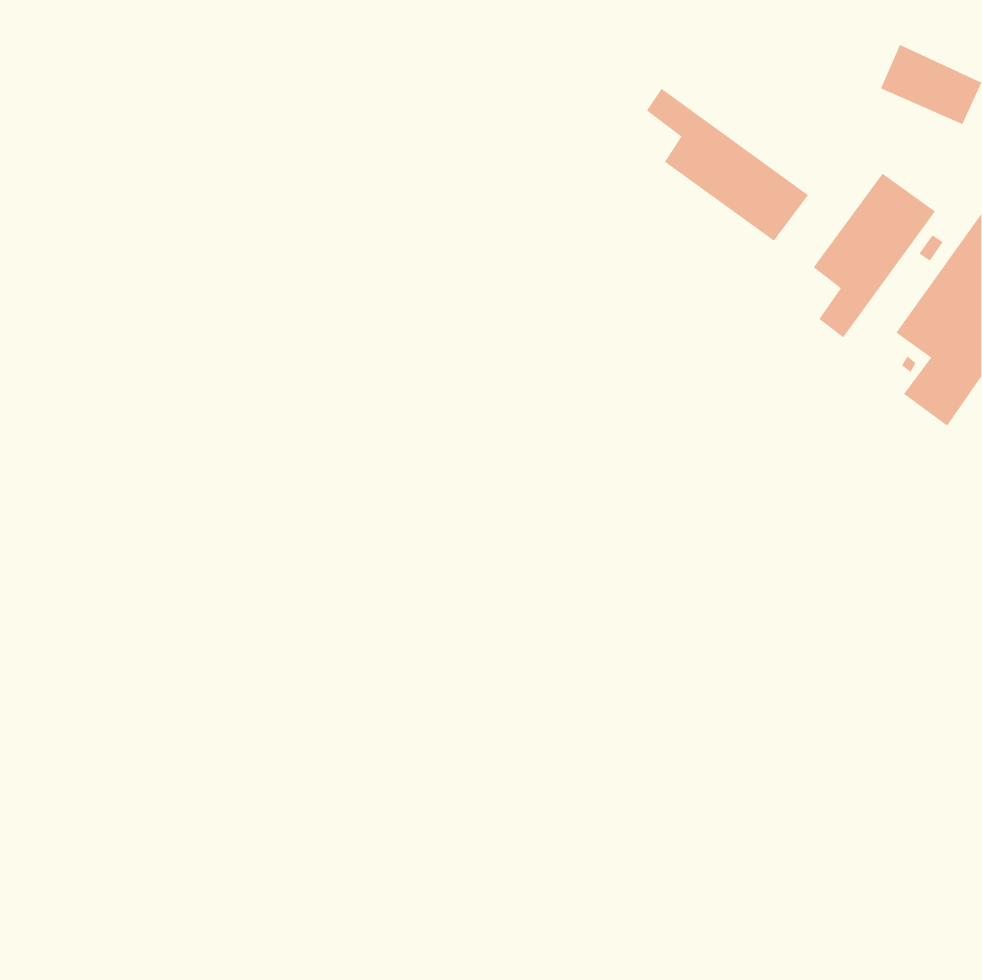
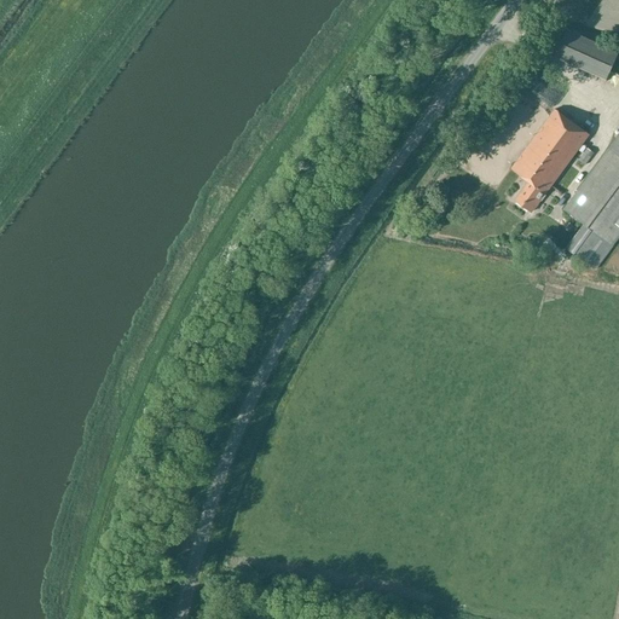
building: [646,88,809,241] -> none

